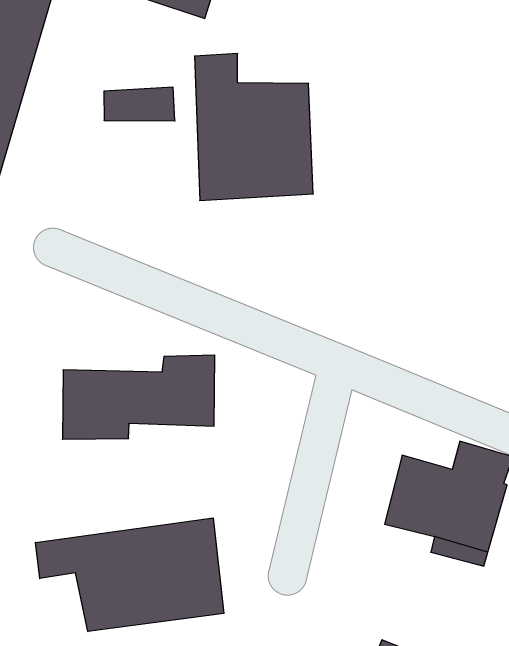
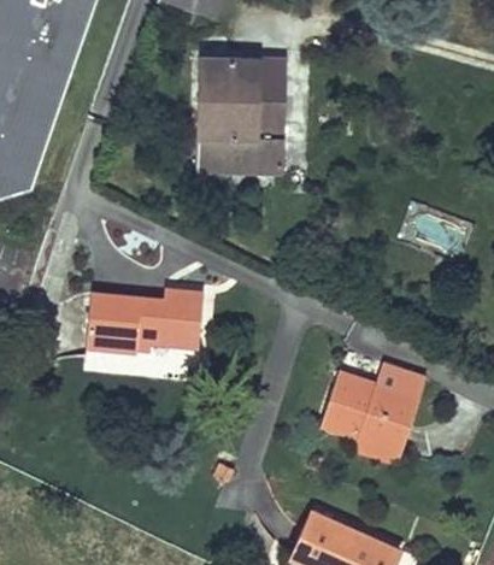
building: [104,87,175,121] -> [233,54,288,81]
building: [36,518,224,632] -> none

